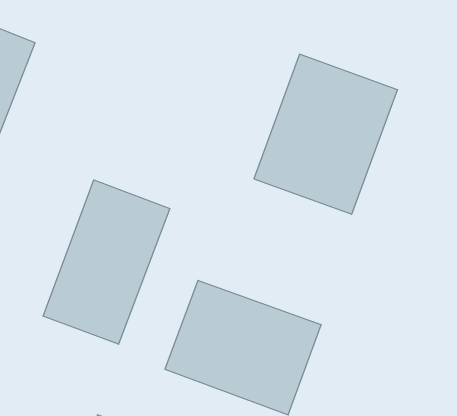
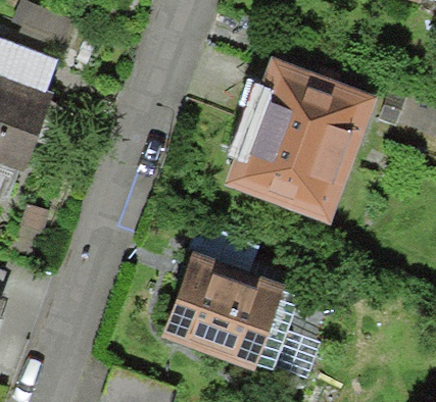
building: [43,180,170,344] -> none

